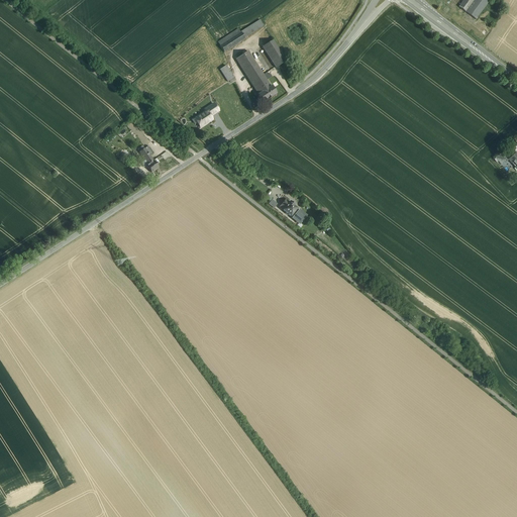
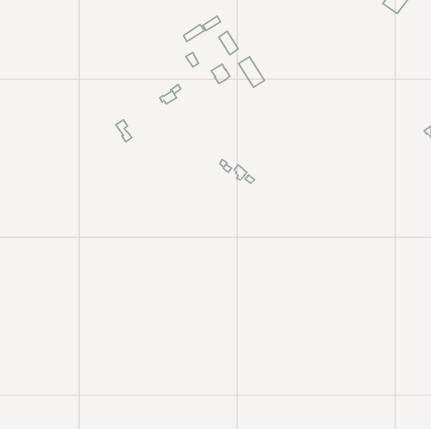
building: [234,48,266,85] -> [238,57,265,87]

